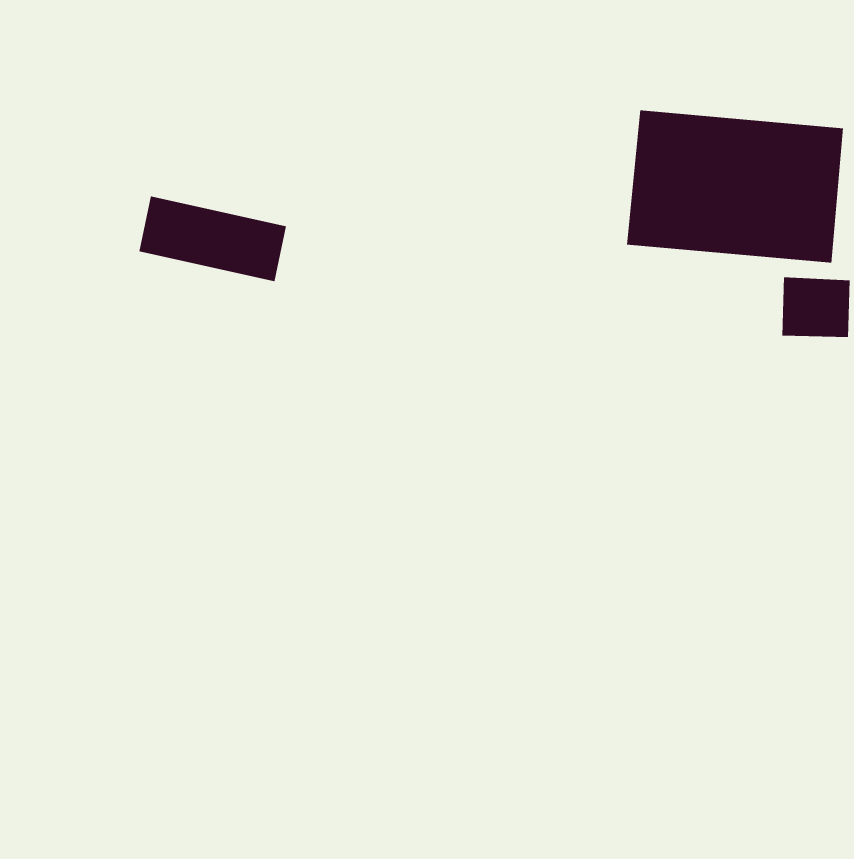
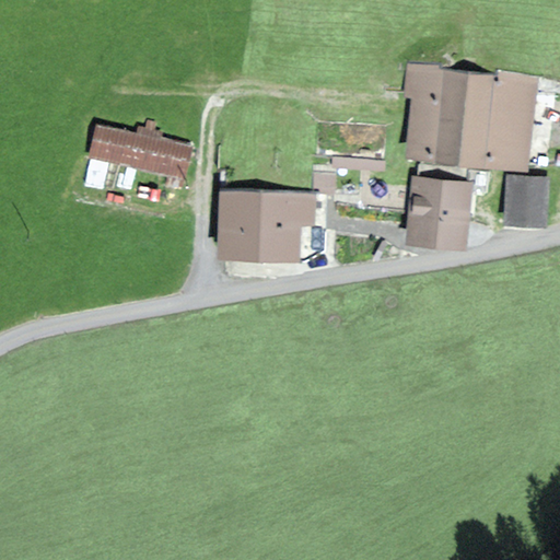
building: none -> [219,171,330,249]
building: none -> [408,182,462,242]

